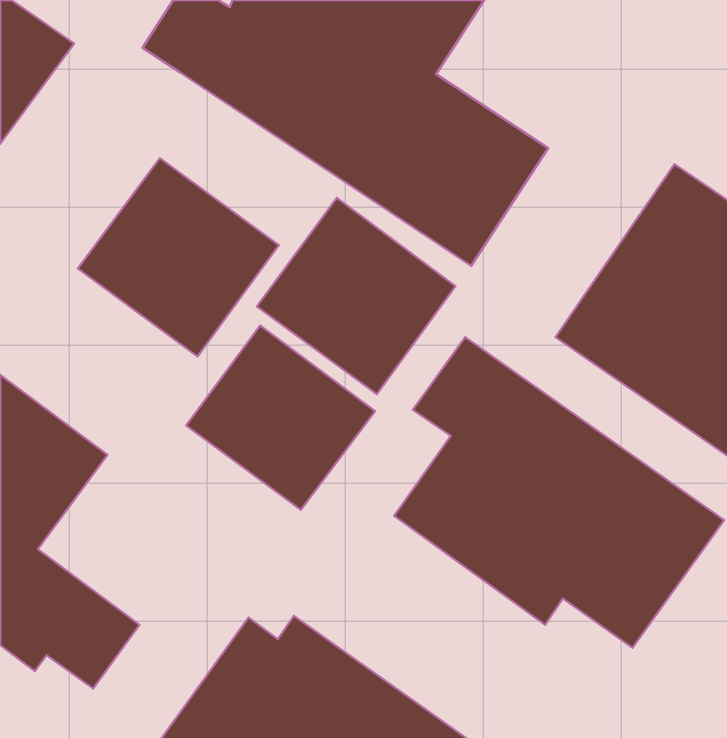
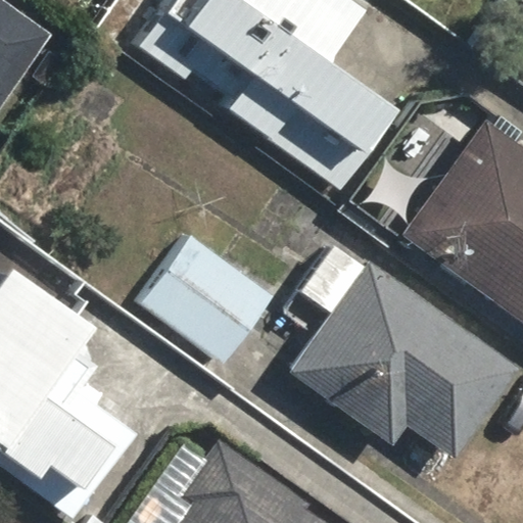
building: [78,158,279,357] -> none
building: [257,198,456,394] -> none

